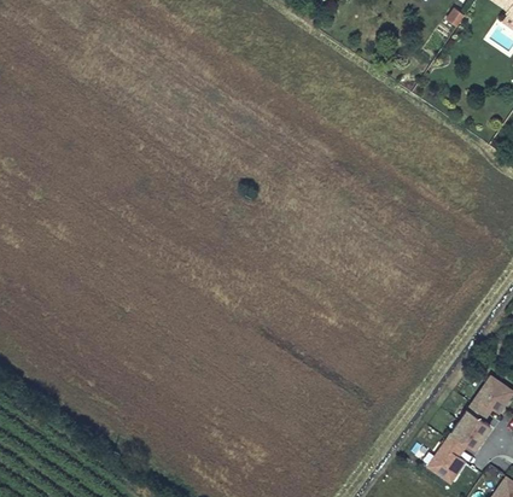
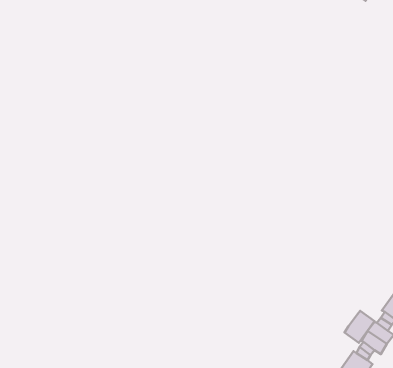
building: none -> [344,311,375,343]

